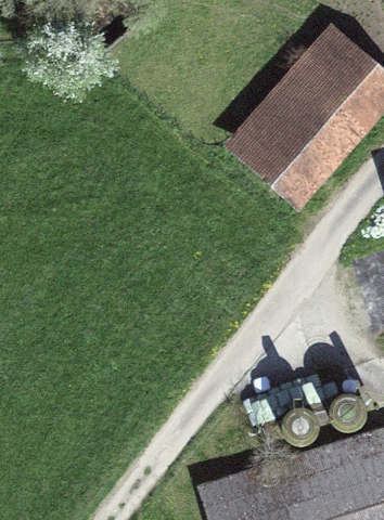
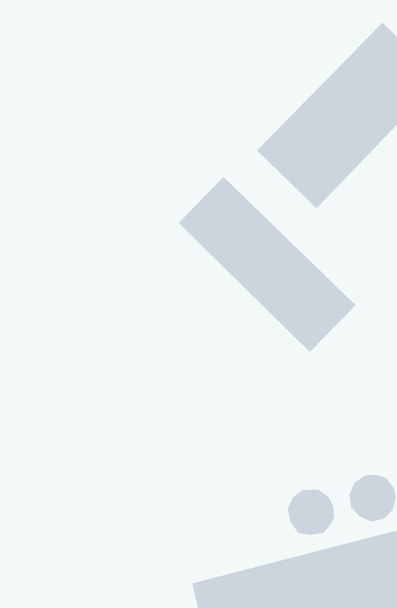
building: none -> [178,176,357,353]

